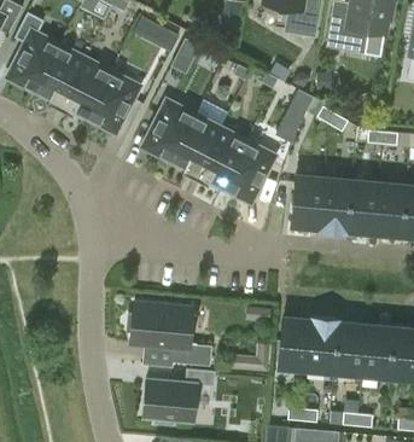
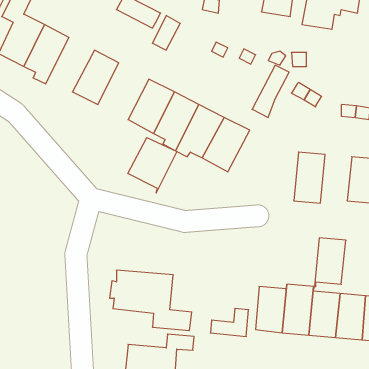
building: [60,60,111,117] -> none
building: none -> [128,138,177,193]
building: [291,178,323,231] -> none
building: [346,182,379,233] -> [315,238,346,287]

